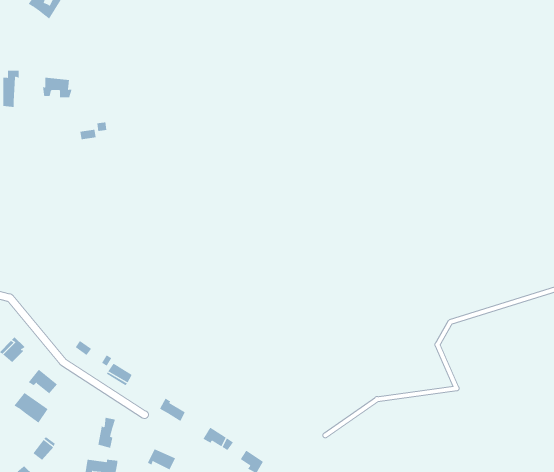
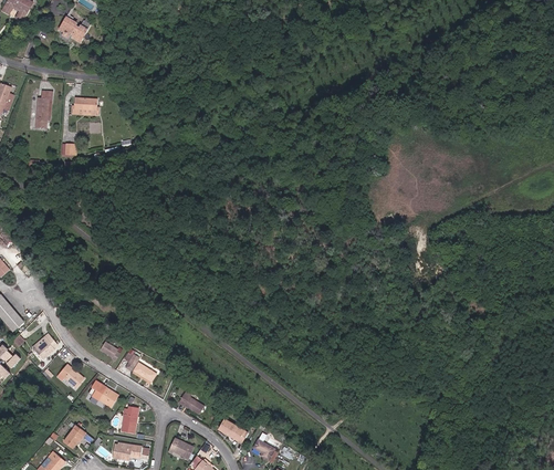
building: [13,392,48,424] -> [90,380,122,409]

